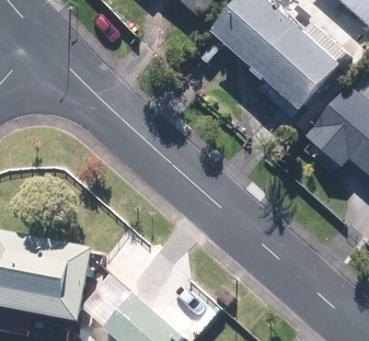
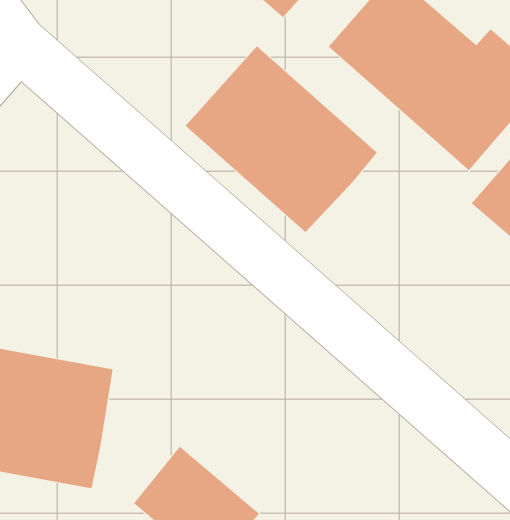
building: none -> [185,46,378,233]

